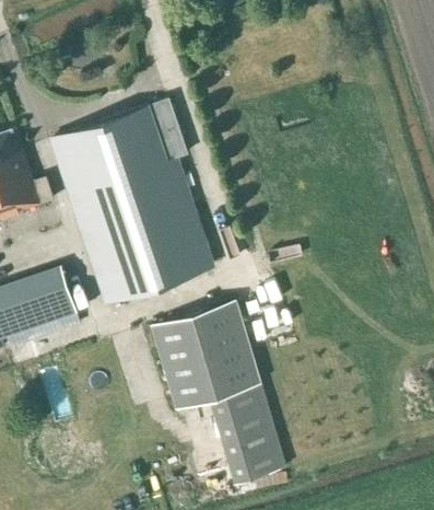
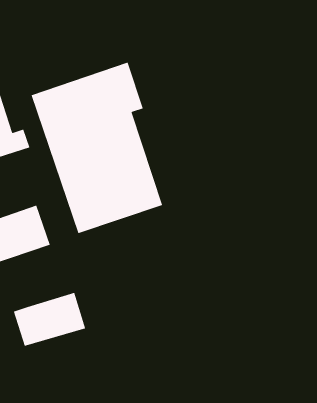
building: [152,301,285,484] -> none
building: none -> [13,292,86,347]

